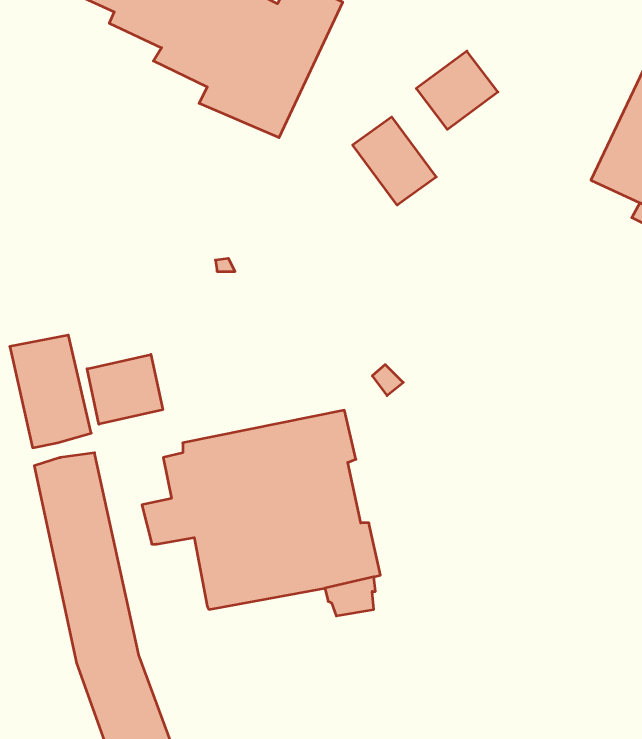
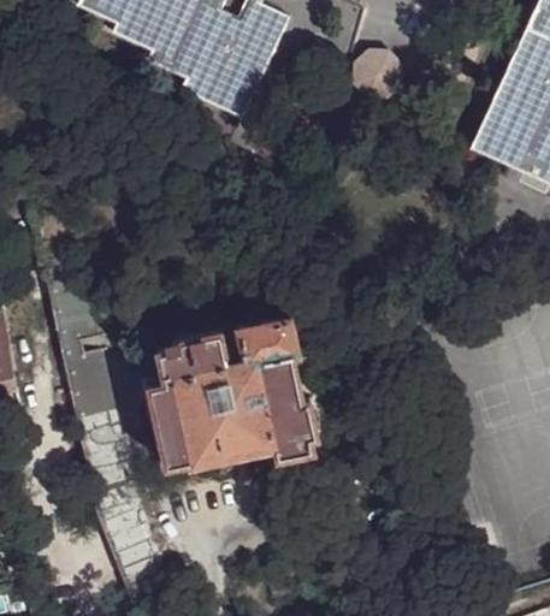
building: [353,117,436,205] -> none
building: [87,354,163,424] -> none
building: none -> [152,408,189,462]

